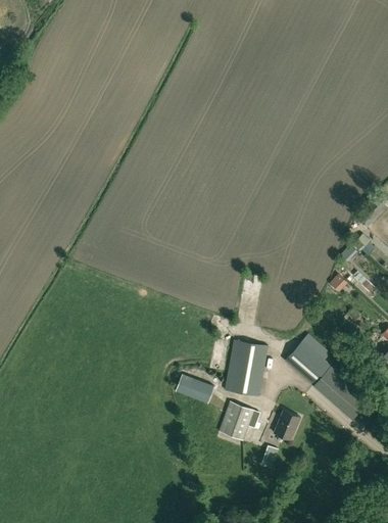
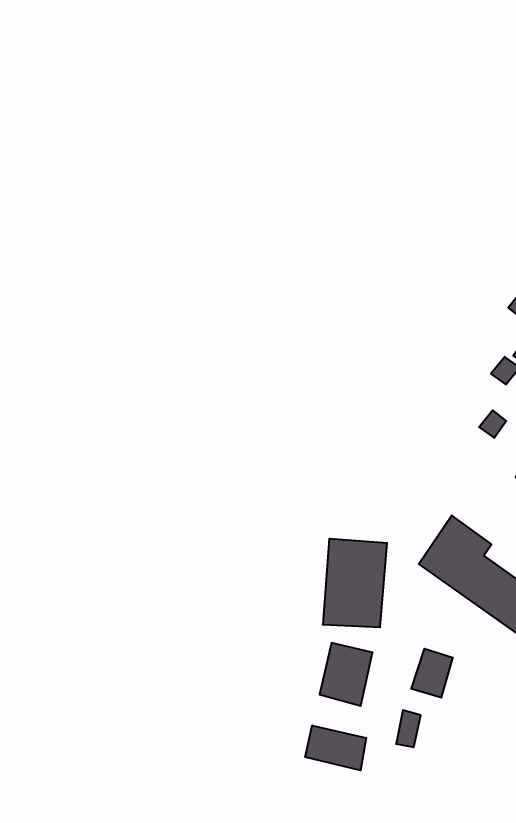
building: [176,374,214,403] -> none
building: none -> [305,725,366,770]

